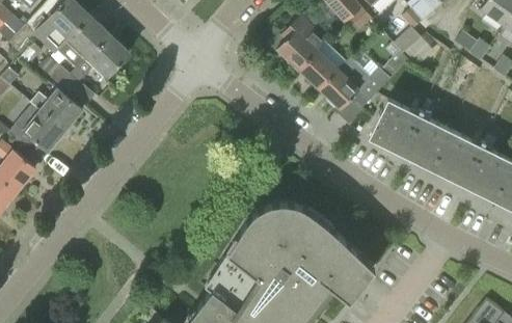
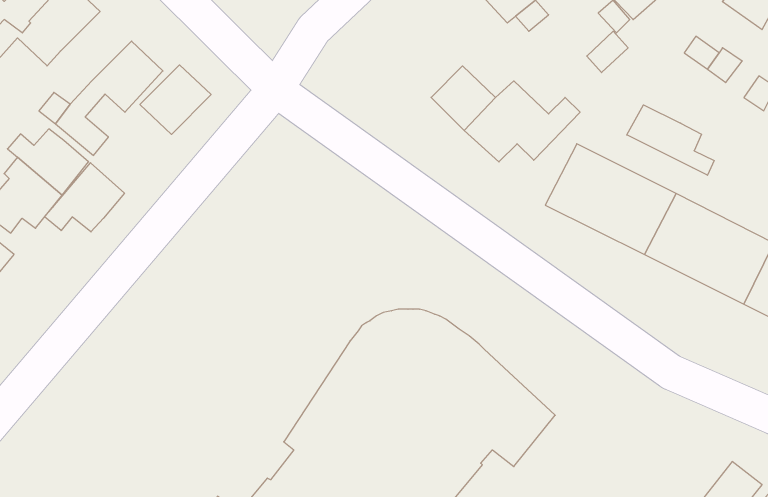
building: [65,16,110,59] -> [140,65,211,134]
building: [277,16,326,70] -> none
building: none -> [627,105,714,175]
building: none -> [44,163,124,232]

